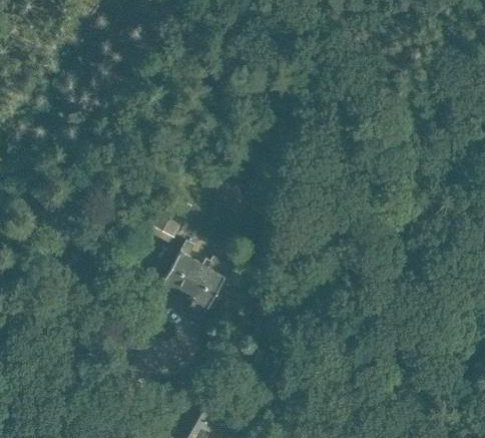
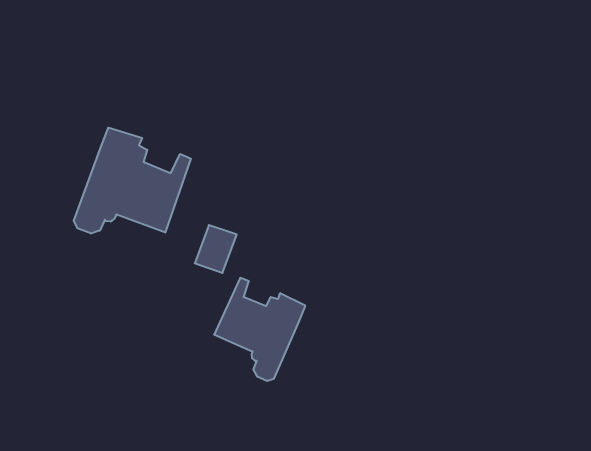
building: none -> [74,128,191,234]

